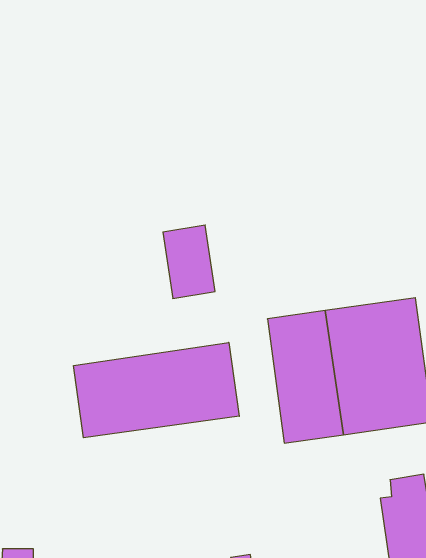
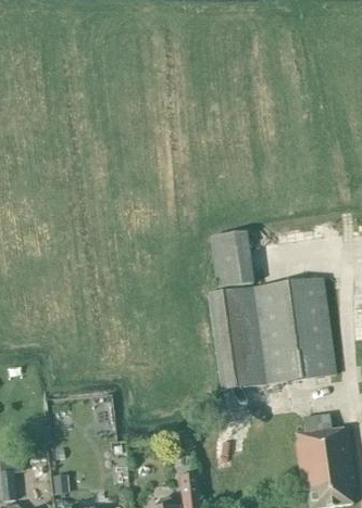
building: [163,225,215,298] -> [212,231,252,288]
building: [74,342,239,438] -> none

